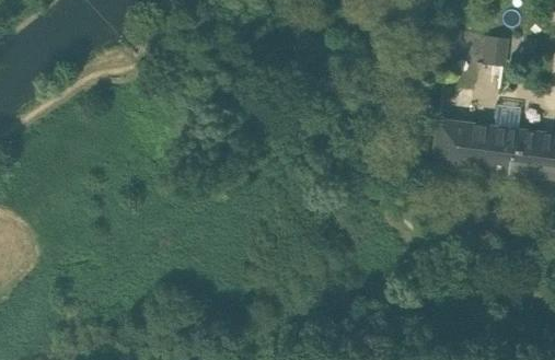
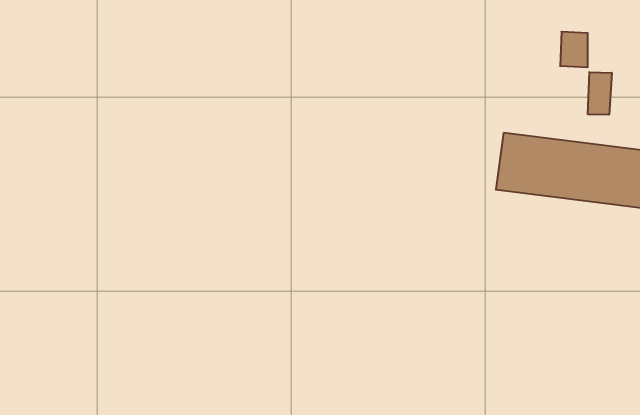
building: none -> [588,72,612,115]

